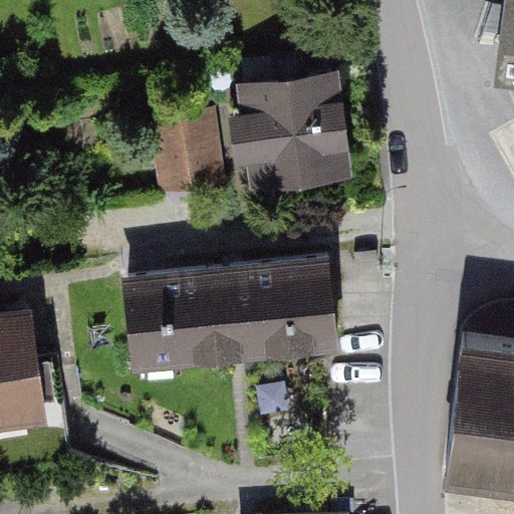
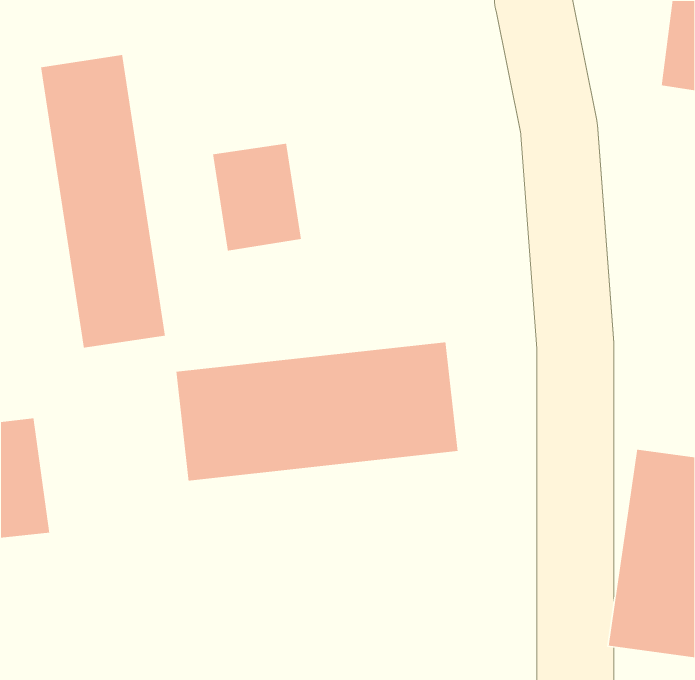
building: none -> [40,54,166,349]
building: [248,60,345,183] -> none

